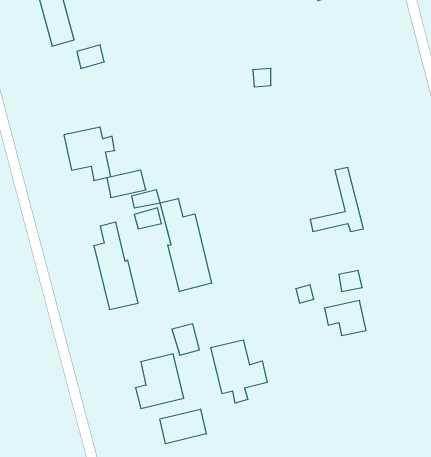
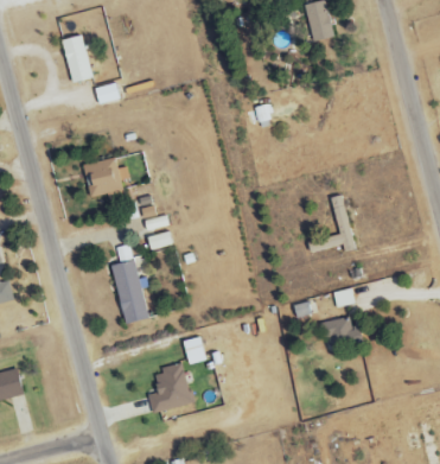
building: [160,198,212,292] -> none
building: [211,340,267,403] -> none
building: [160,409,206,444] -> none

